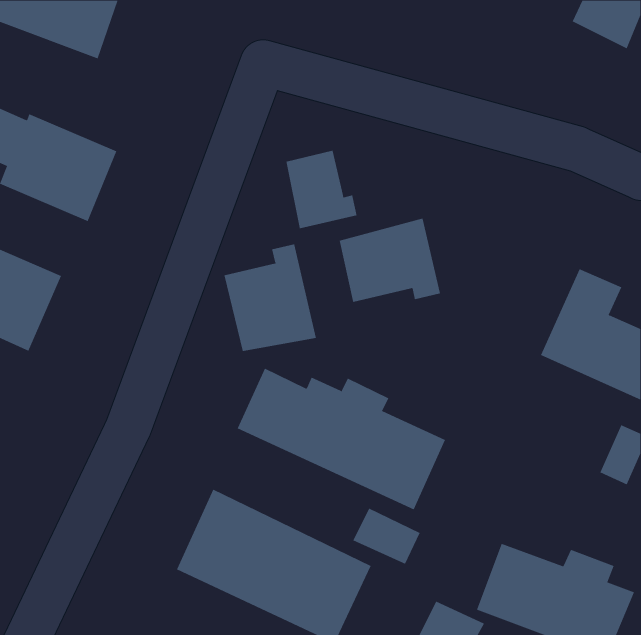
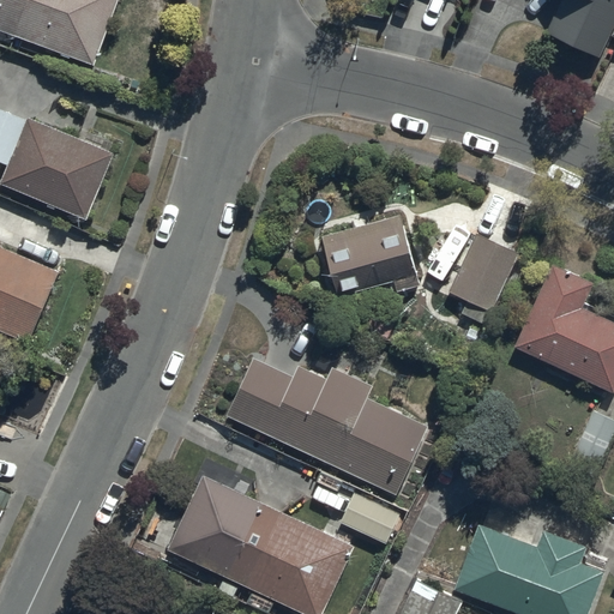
building: [286,150,357,229] -> none
building: none -> [449,235,517,327]
building: [224,244,317,352] -> none

